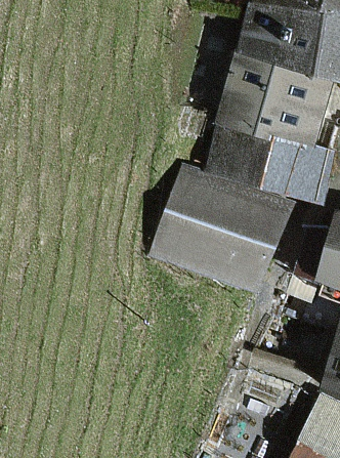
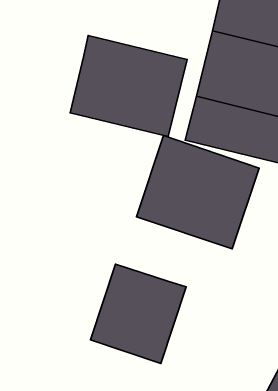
building: none -> [70,35,187,137]
building: none -> [91,264,186,363]

